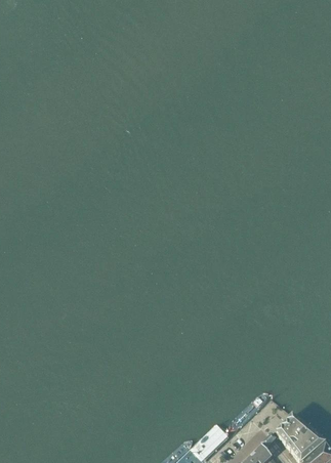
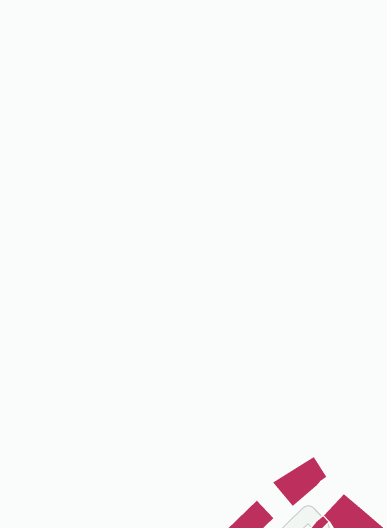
building: none -> [272,456,327,507]

